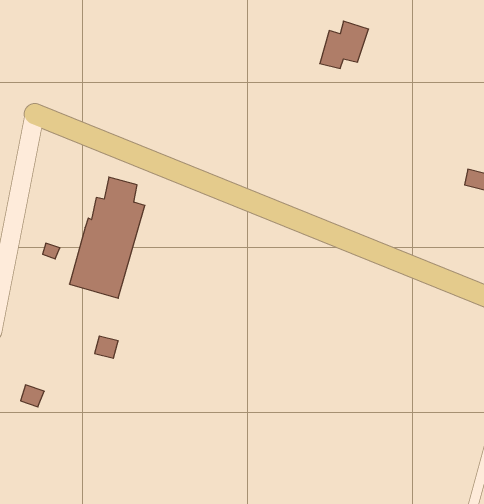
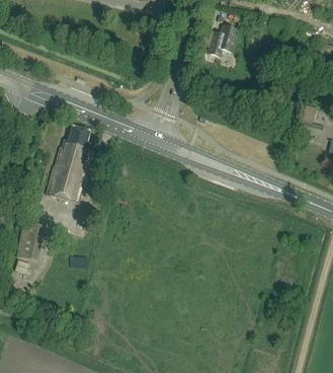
building: none -> [16,219,41,257]

